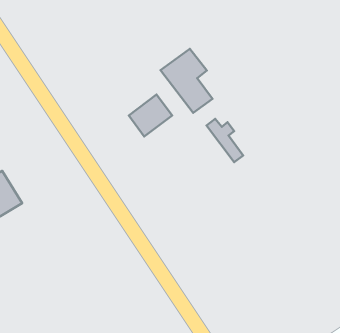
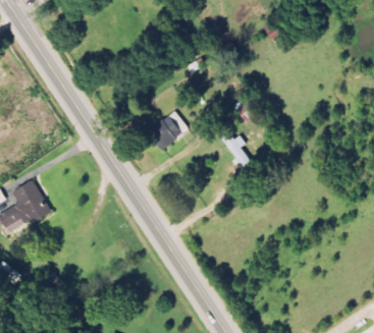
building: [161,49,212,113] -> none

